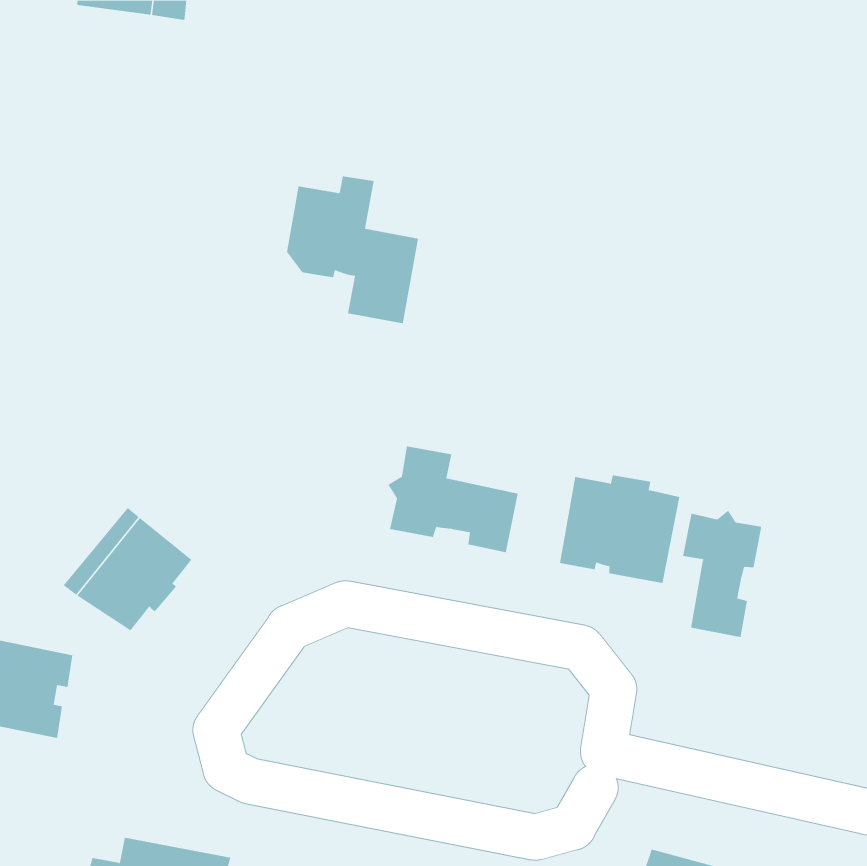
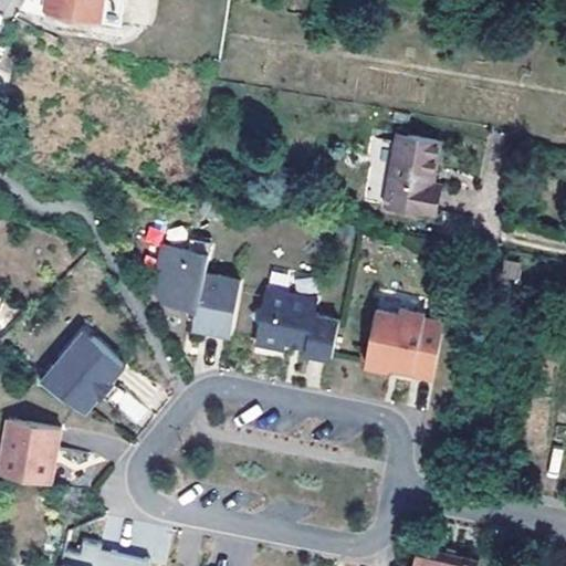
building: [286,176,419,324] -> [153,240,239,336]
building: none -> [381,134,436,213]
building: [682,510,762,638] -> none

